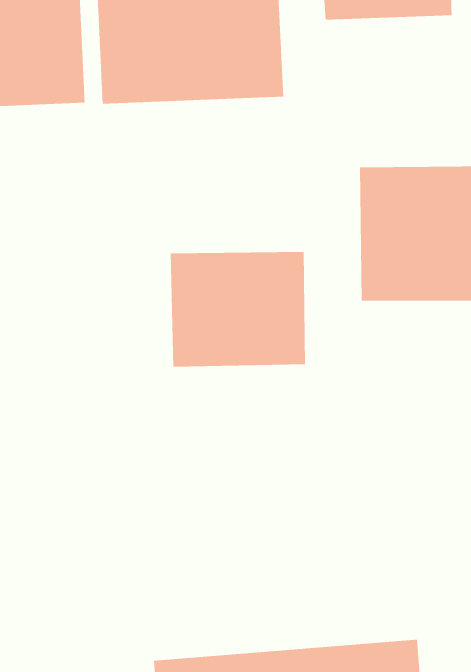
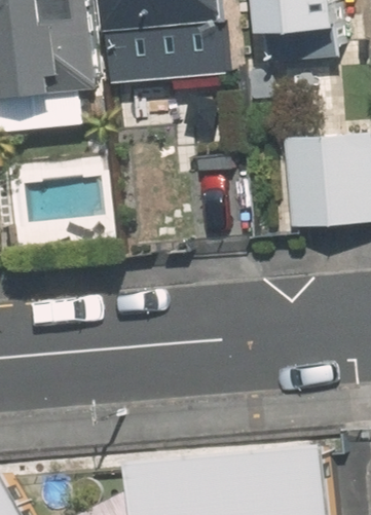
building: [170,251,306,368] -> none

